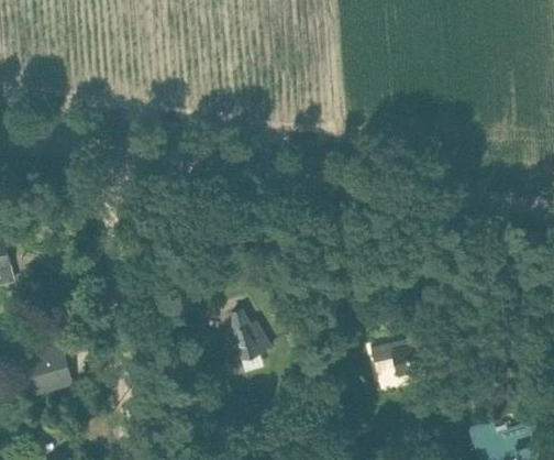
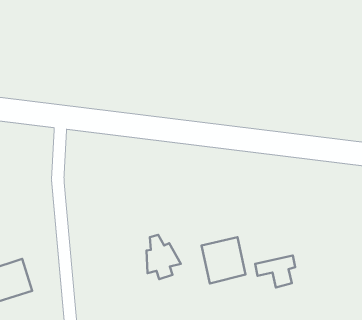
building: none -> [201,237,245,283]

